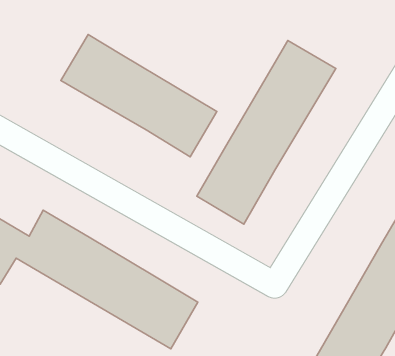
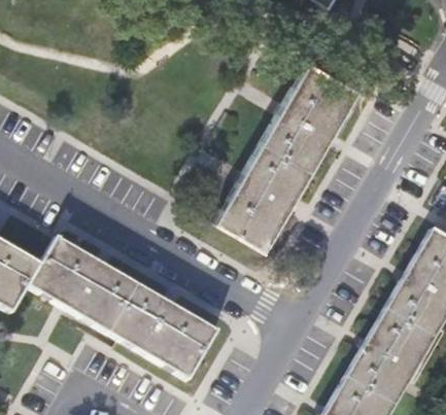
building: [61,35,217,157] -> none

